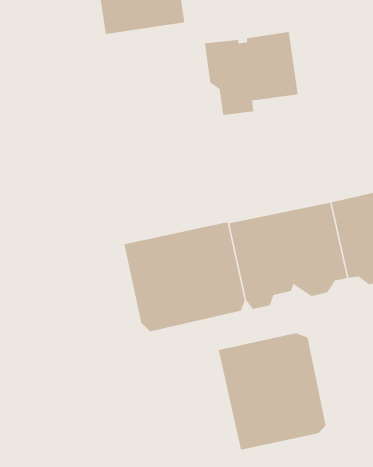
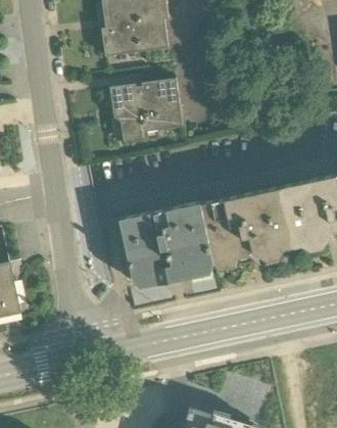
building: [204,31,299,115] -> [108,78,182,143]
building: [218,332,326,450] -> none

